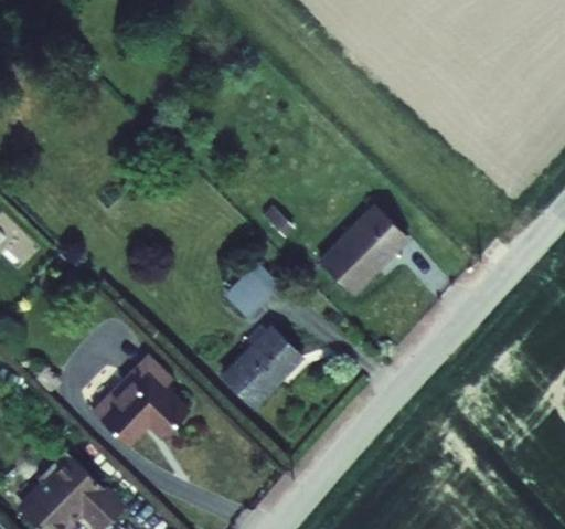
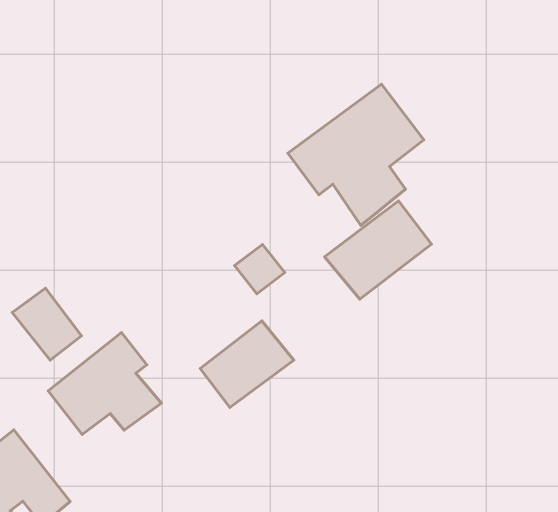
building: none -> [288,84,424,225]
building: none -> [12,288,82,360]

